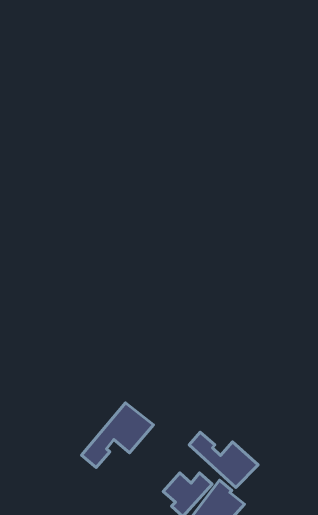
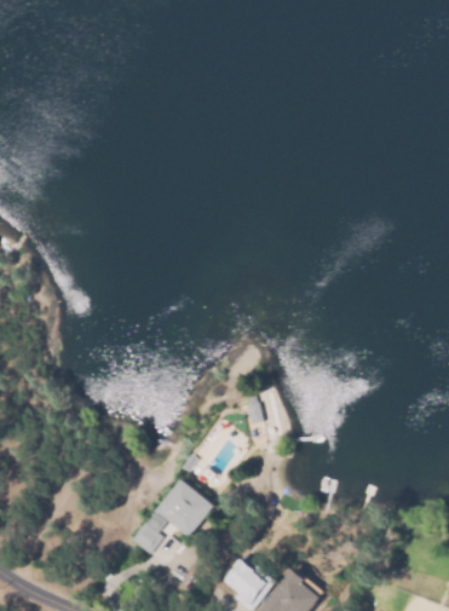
building: [189,432,258,487] -> none

